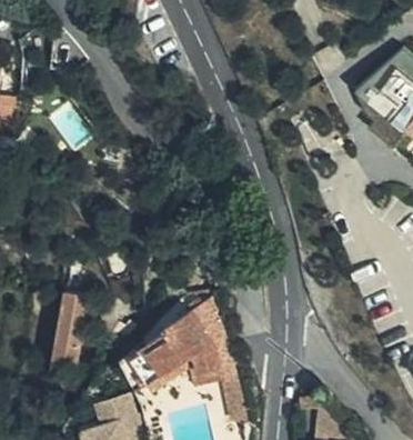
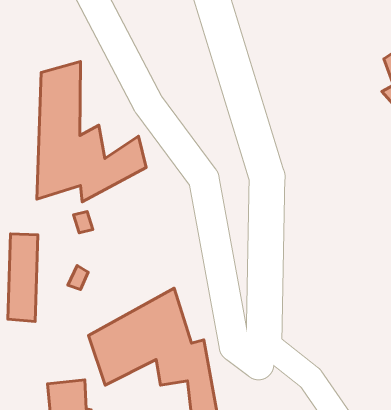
building: none -> [37,62,146,202]

